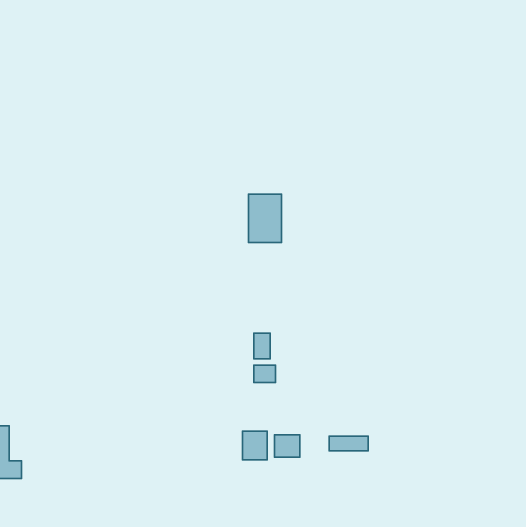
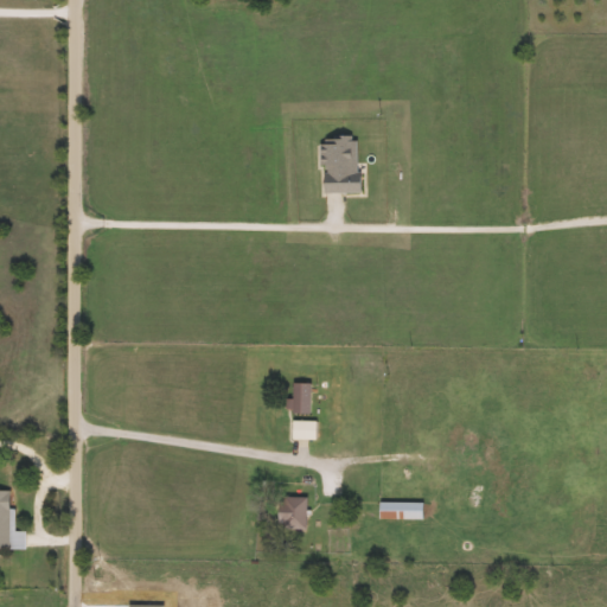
building: [248,194,281,243] -> [321,138,359,193]
building: [274,435,300,457] -> none

